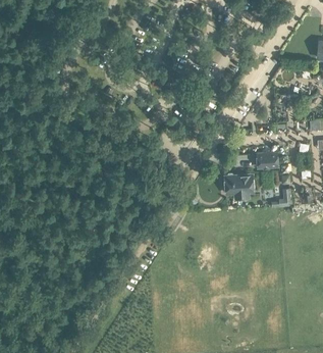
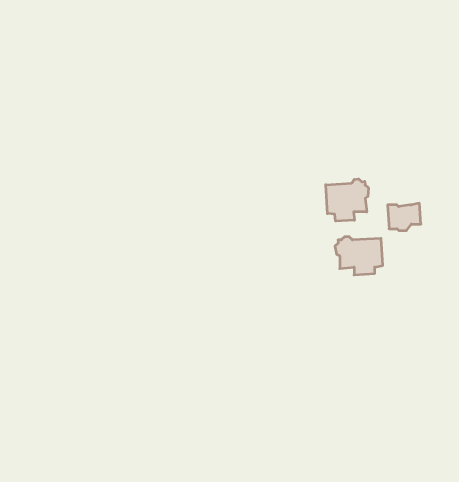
building: none -> [326,179,368,221]

